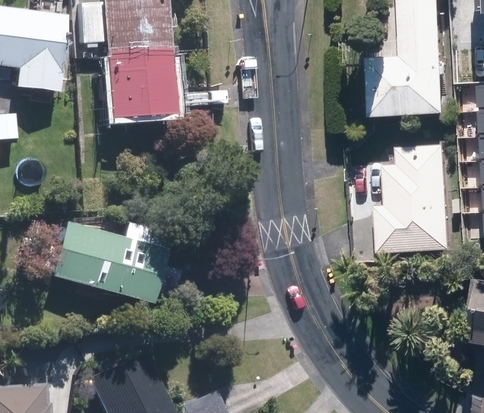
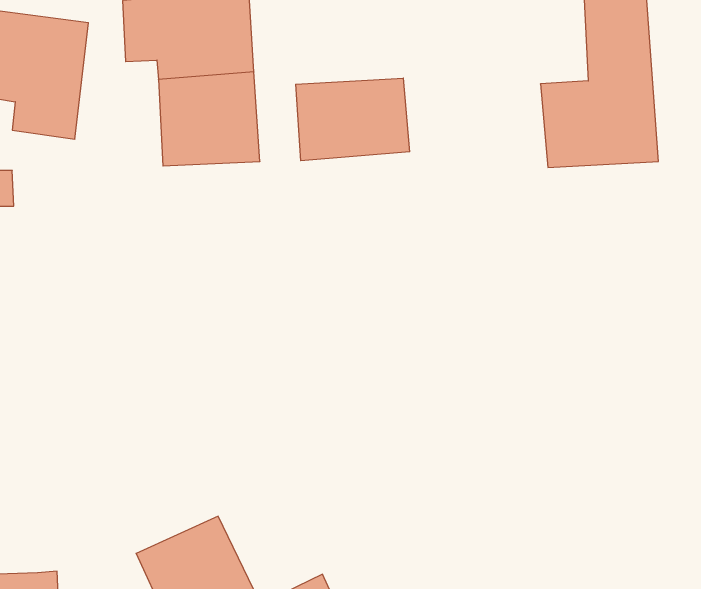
building: none -> [296,78,410,161]
building: [374,146,449,256] -> none
building: [53,218,167,300] -> none

